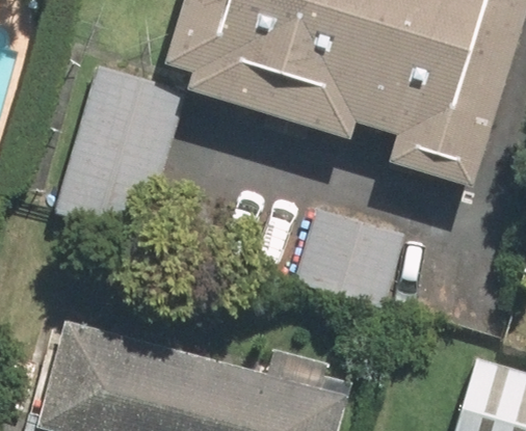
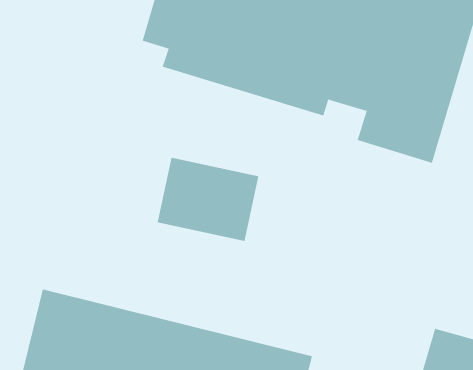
building: [54,70,184,236] -> none
building: [291,214,397,301] -> [157,157,259,241]

